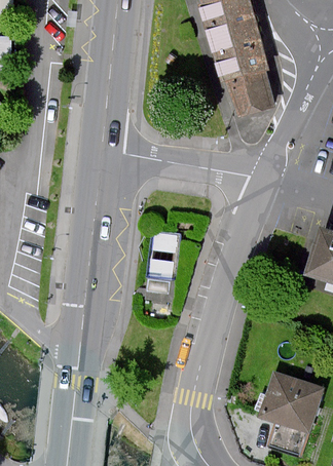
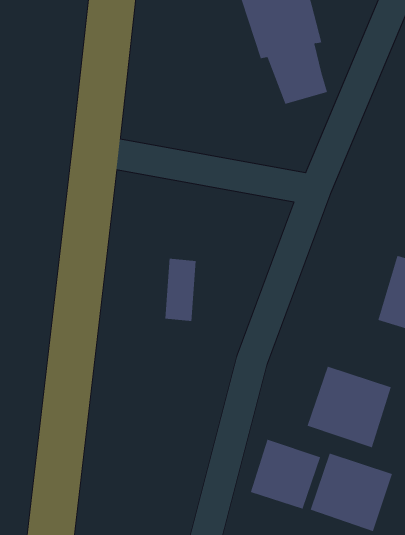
building: none -> [307,366,392,448]
building: none -> [250,439,321,510]

